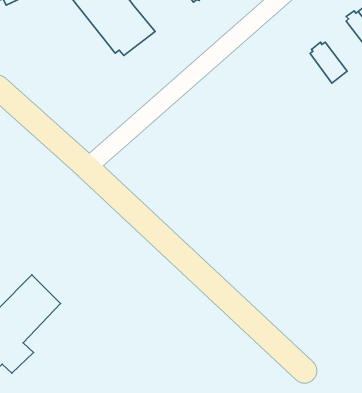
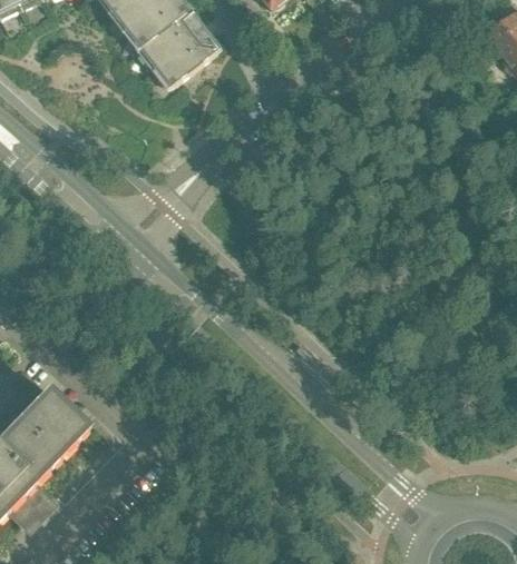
building: [310,42,347,83] -> none

